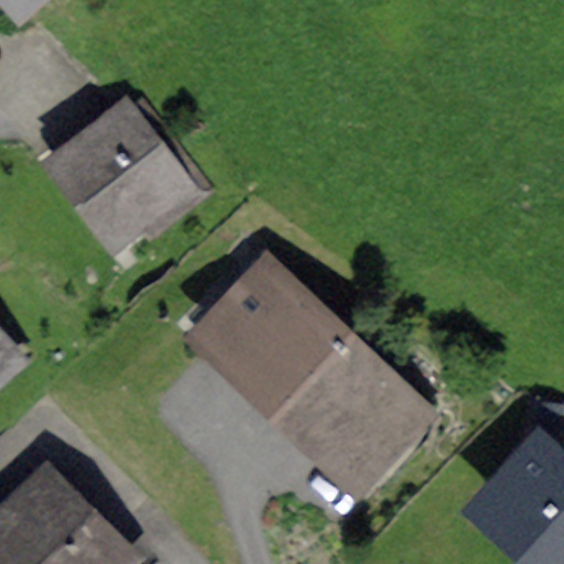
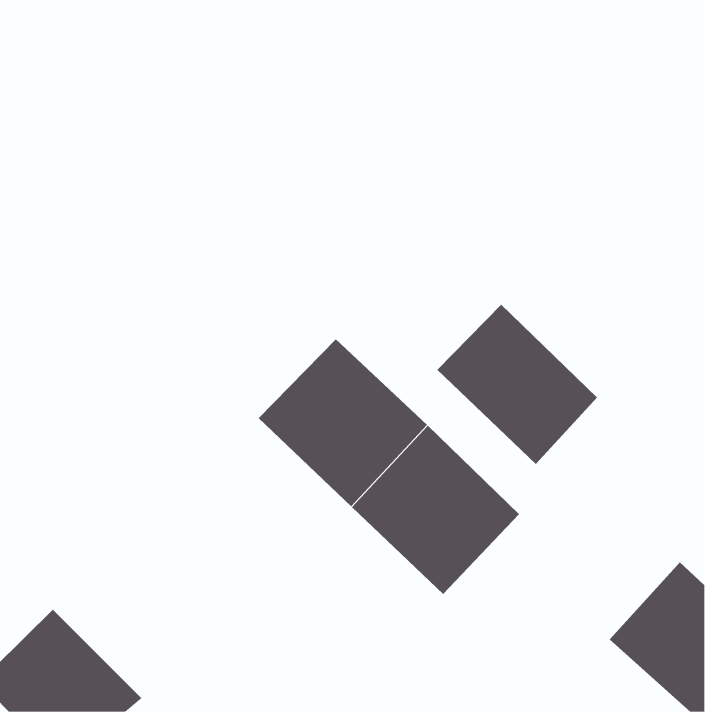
building: [57,101,197,230] -> none
building: none -> [436,304,598,465]

